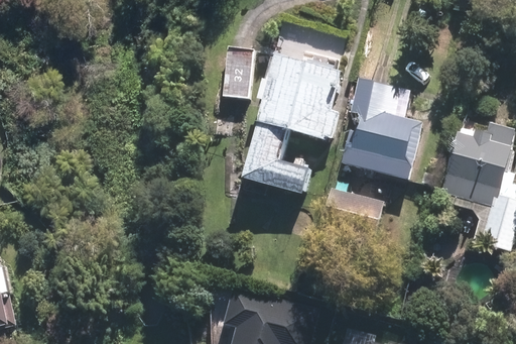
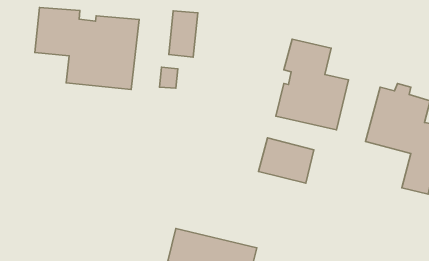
building: none -> [35,8,139,89]
building: [240,55,341,195] -> none

